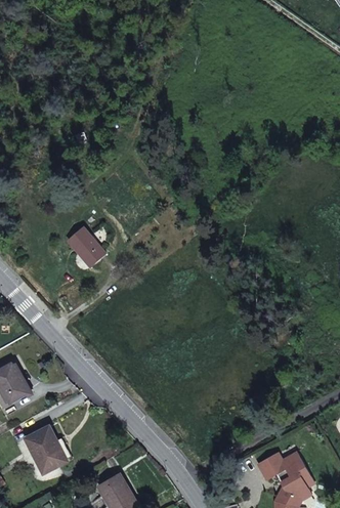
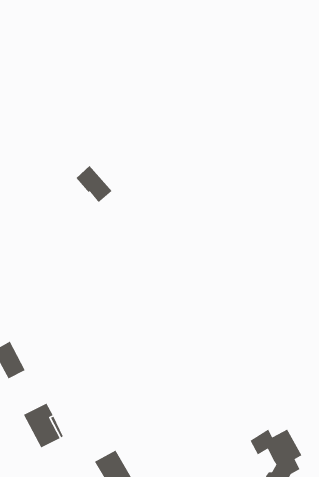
building: [68,227,105,266] -> [76,165,112,203]

